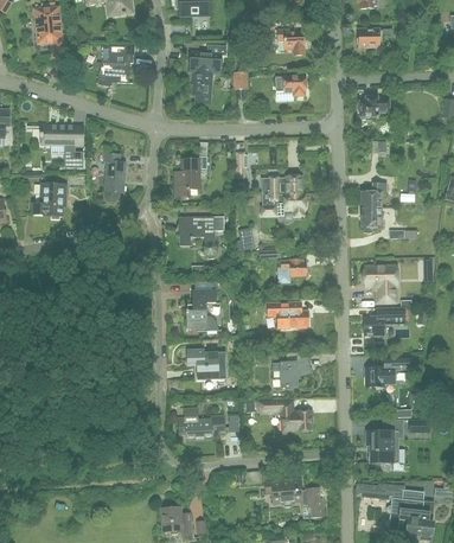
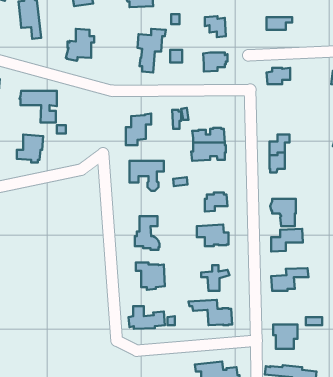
building: [104,152,126,199] -> none

